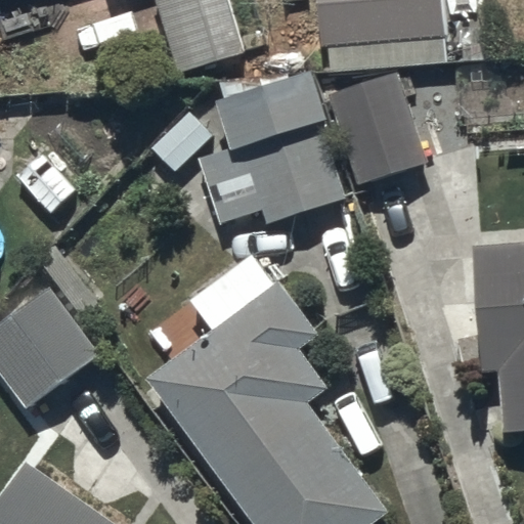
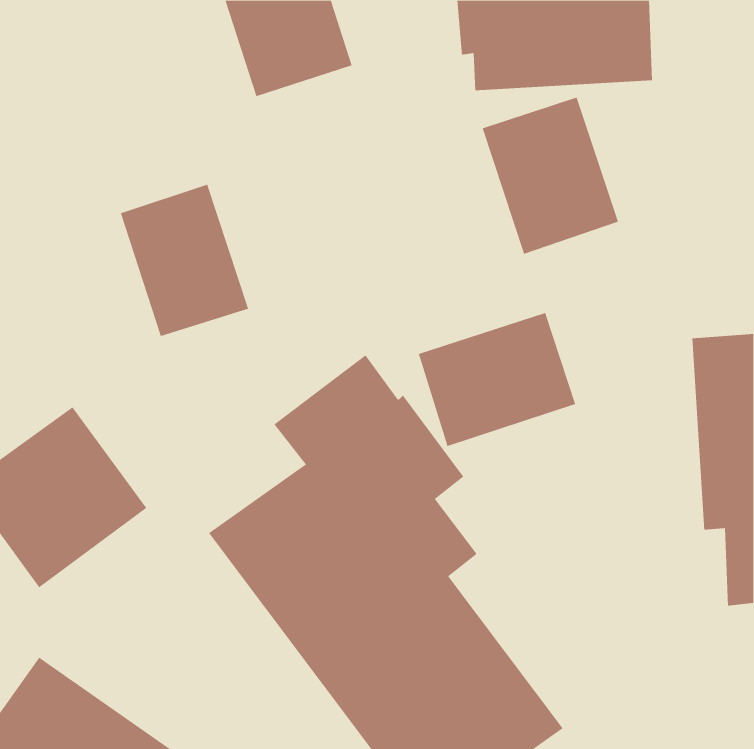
building: [194,57,346,228] -> none
building: none -> [120,184,249,337]
building: none -> [418,312,576,447]

